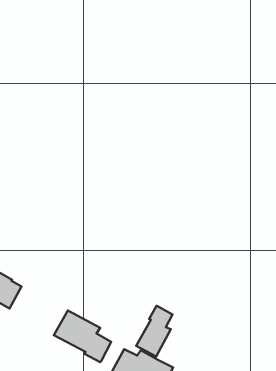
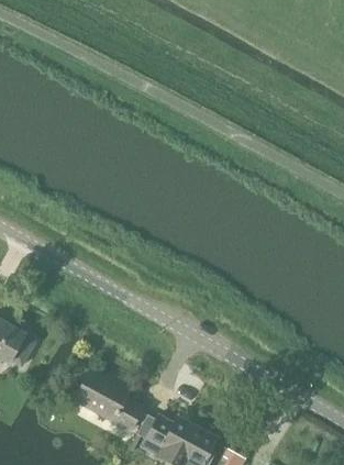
building: [136,306,173,356] -> none

